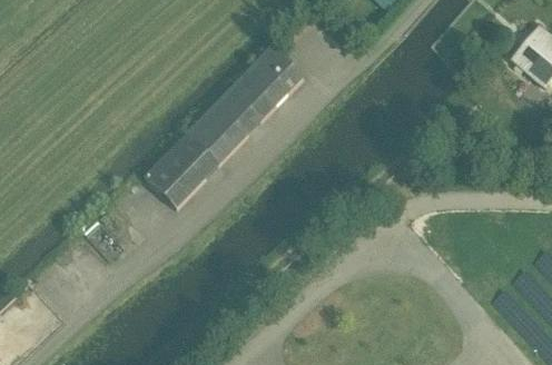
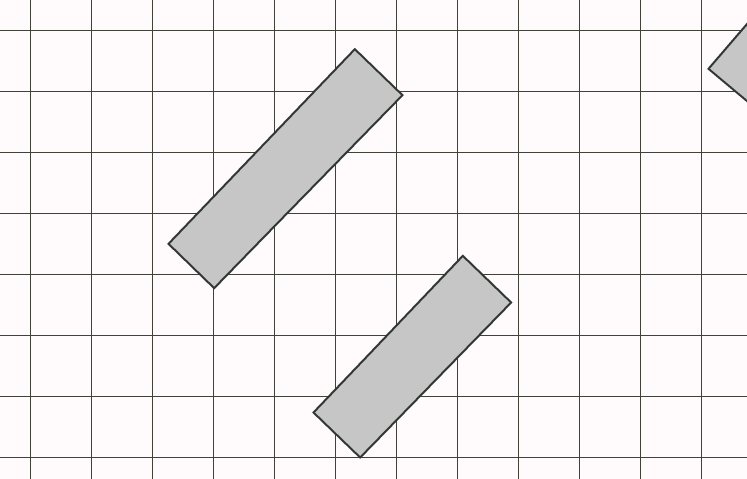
building: none -> [314,256,511,458]

